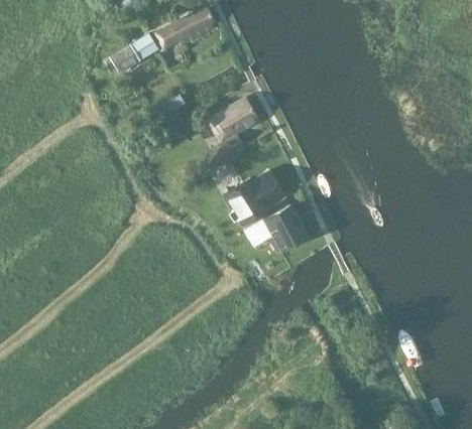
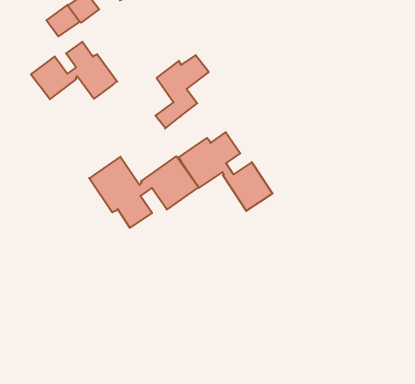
building: none -> [31,42,117,99]
building: none -> [89,156,199,228]

